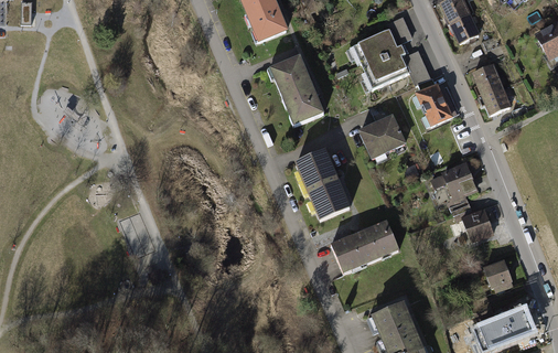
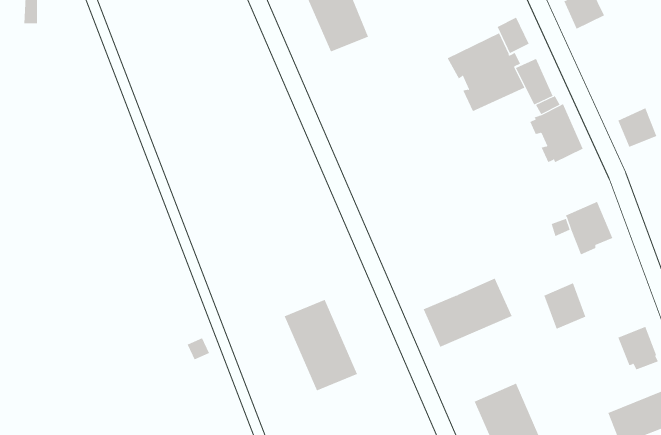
building: [449,14,480,46] -> none
building: [269,56,323,127] -> none
building: [471,65,503,96] -> none
building: [357,114,406,159] -> none
building: [293,148,351,220] -> [284,299,358,391]
building: [460,205,493,242] -> [544,283,586,329]

